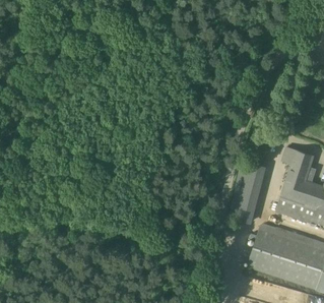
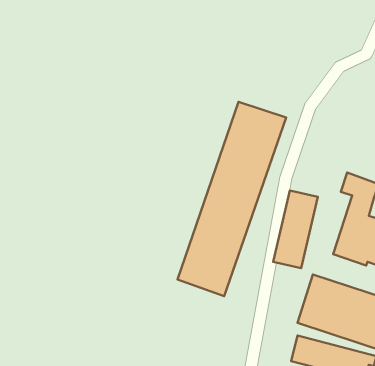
building: none -> [178,102,286,296]

